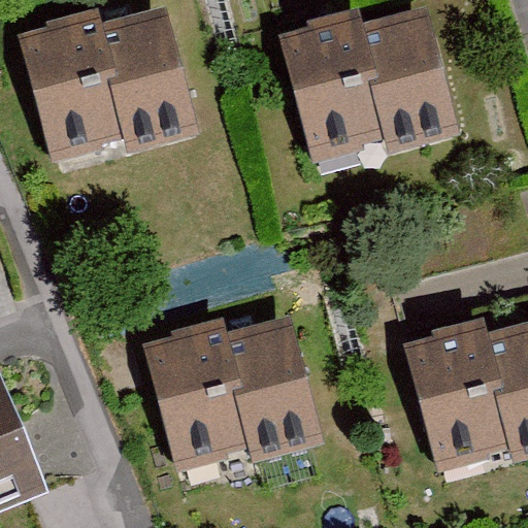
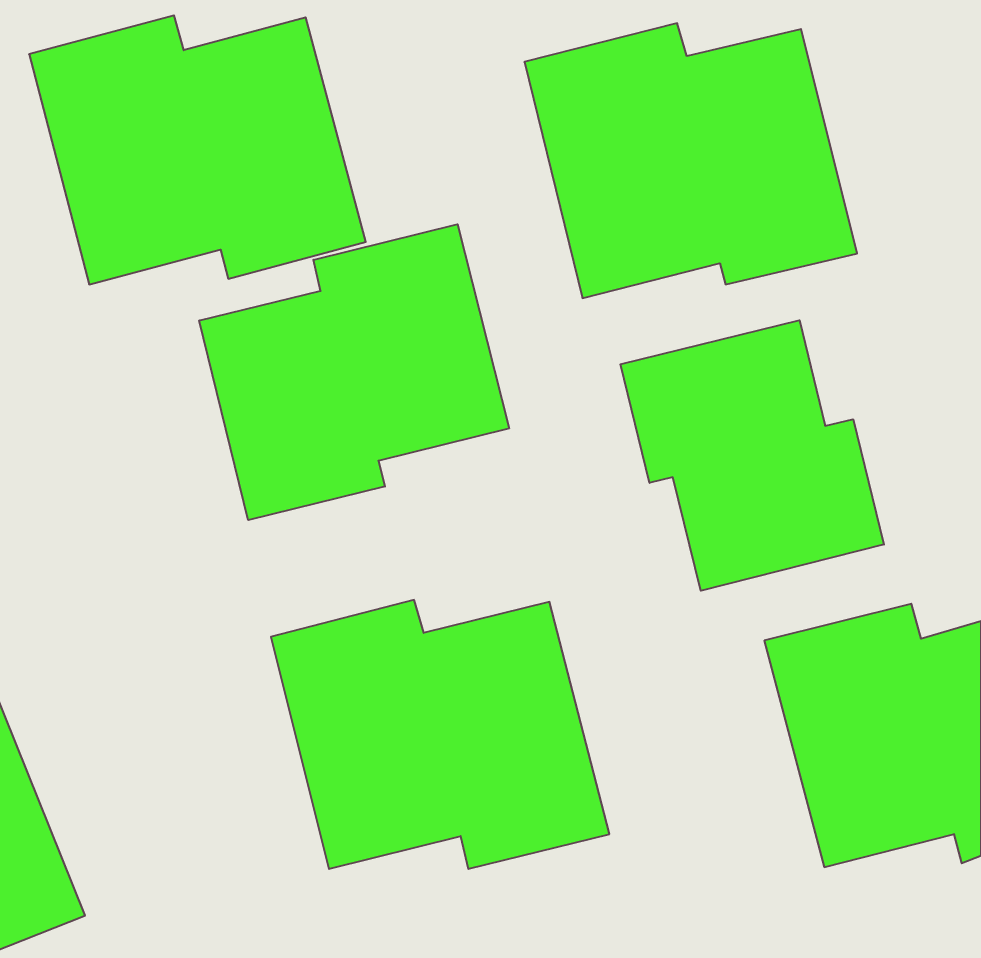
building: none -> [199,224,509,520]
building: none -> [620,320,884,591]

